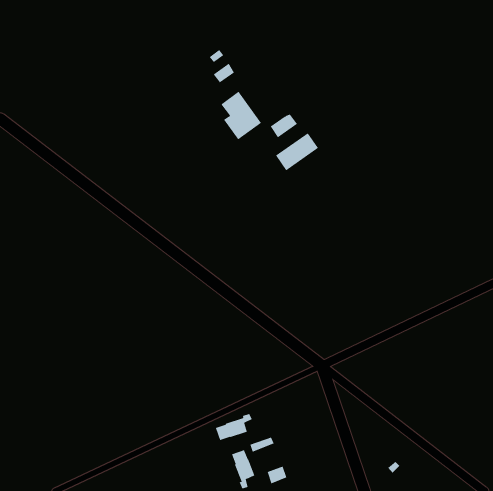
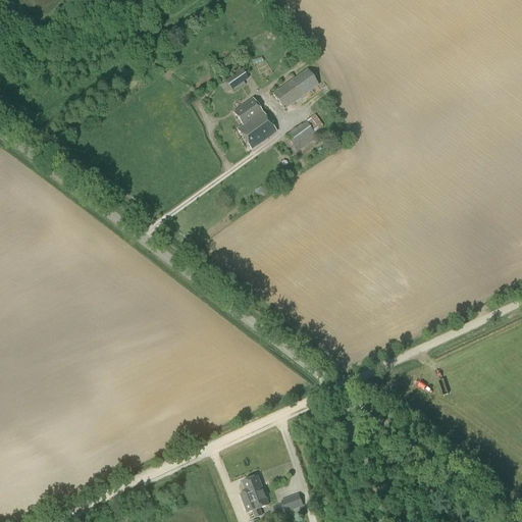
building: [275,132,319,171] -> [273,67,319,108]
building: [215,413,252,441] -> none

